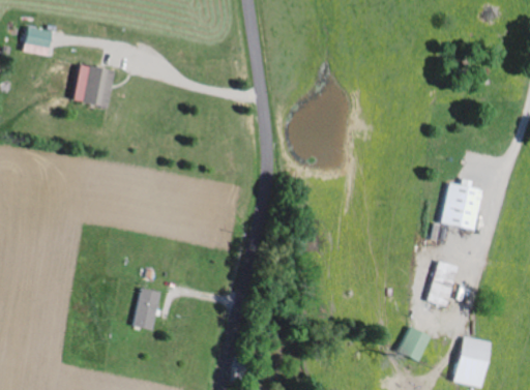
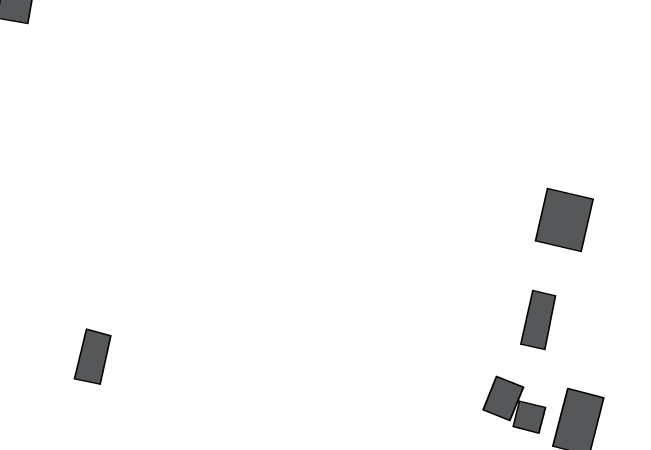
building: [72,63,115,108] -> none
building: [132,288,160,330] -> [75,329,111,384]
building: none -> [513,401,545,433]

